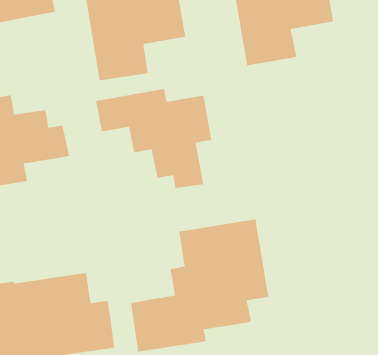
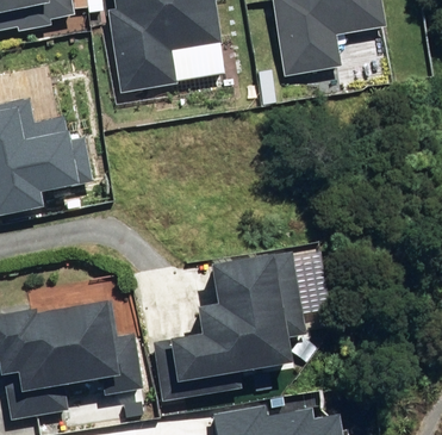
building: [95,88,212,189] -> none

